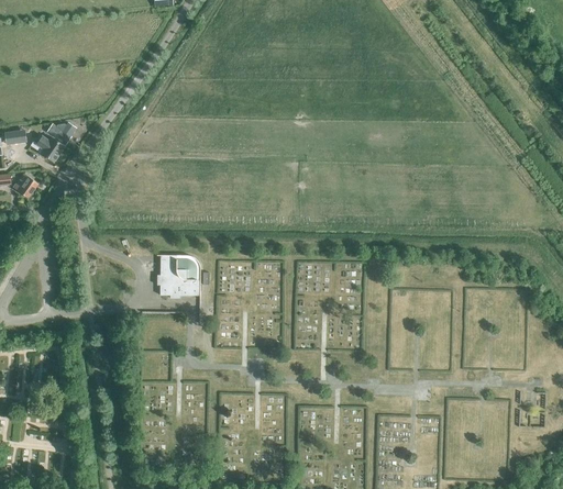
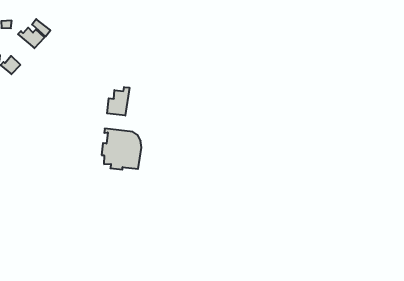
building: none -> [107,87,129,116]

